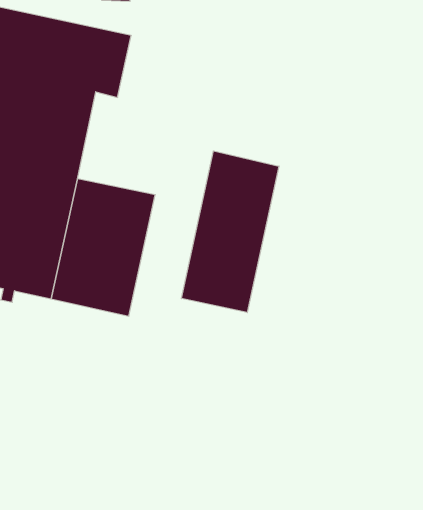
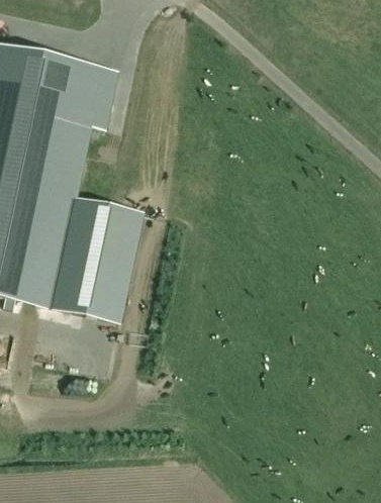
building: [181,151,279,313] -> none

